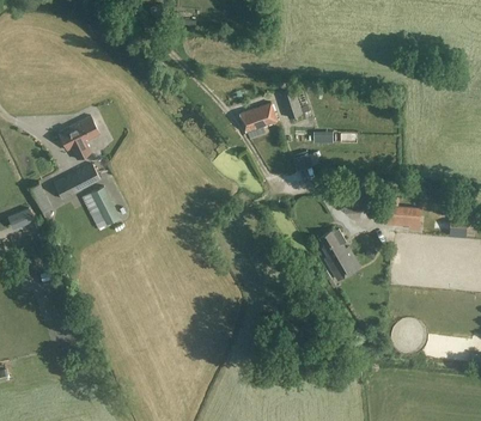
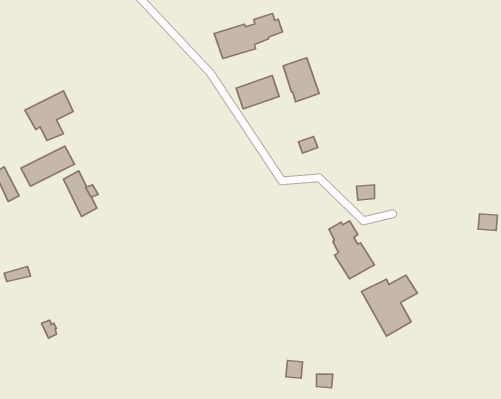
building: none -> [214,13,283,58]
building: [385,206,419,228] -> none
building: none -> [361,275,417,336]

